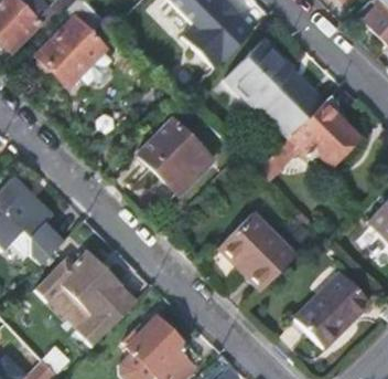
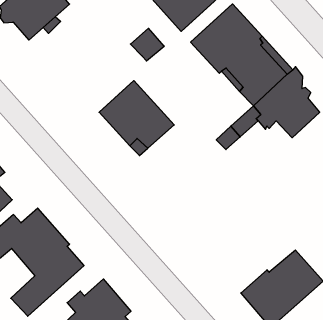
building: [217,211,295,291] -> none

